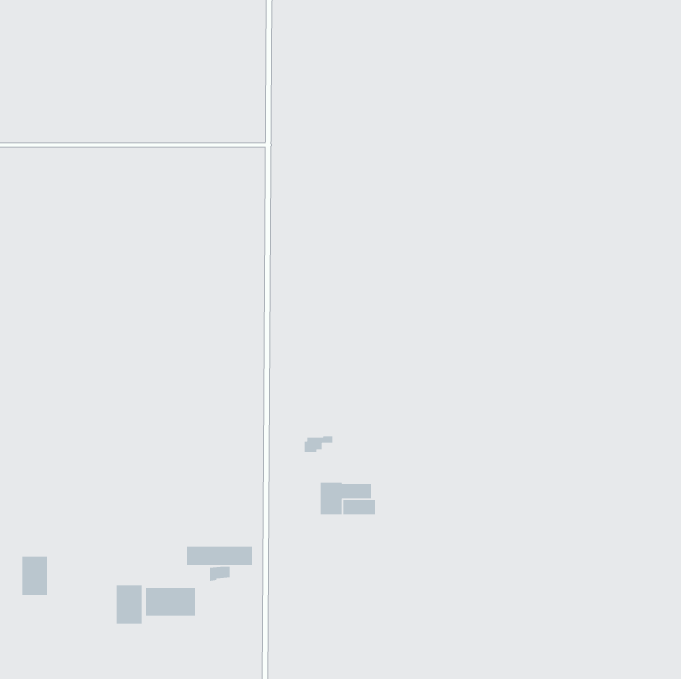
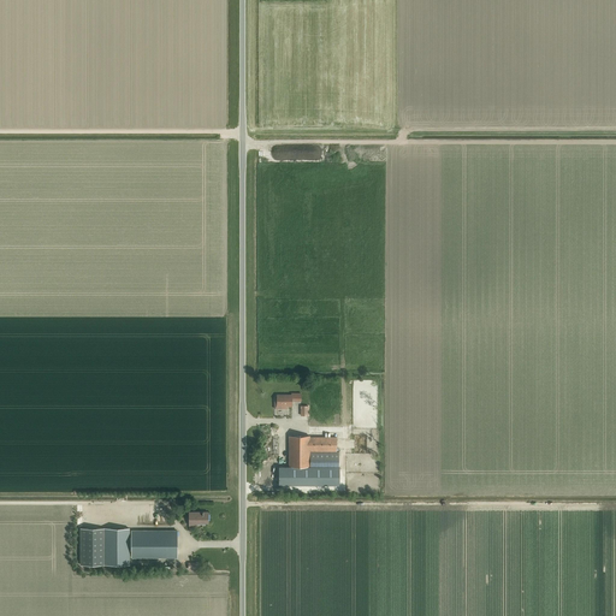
building: [186,546,253,566] -> [277,467,337,485]
building: [21,556,48,596] -> [81,529,105,565]

